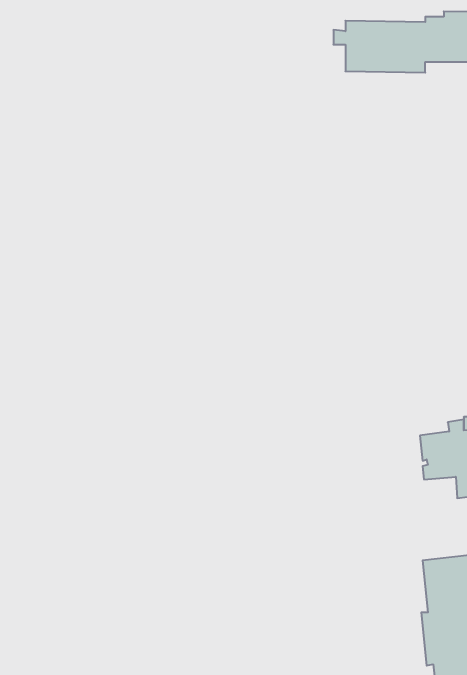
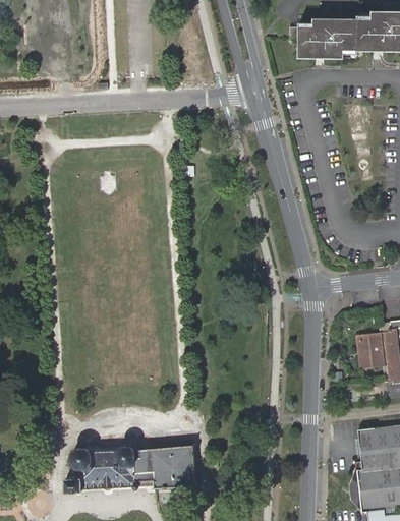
building: none -> [62,445,194,491]

